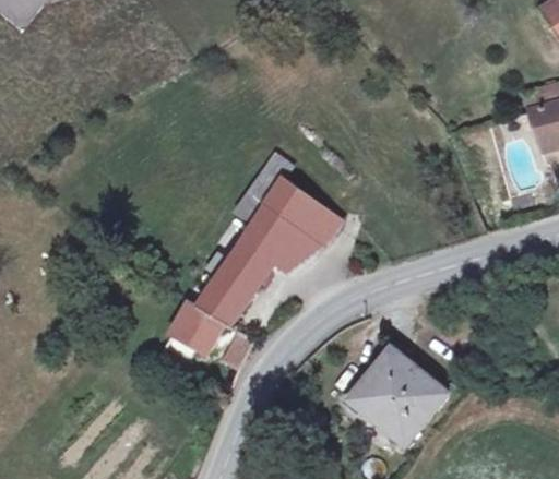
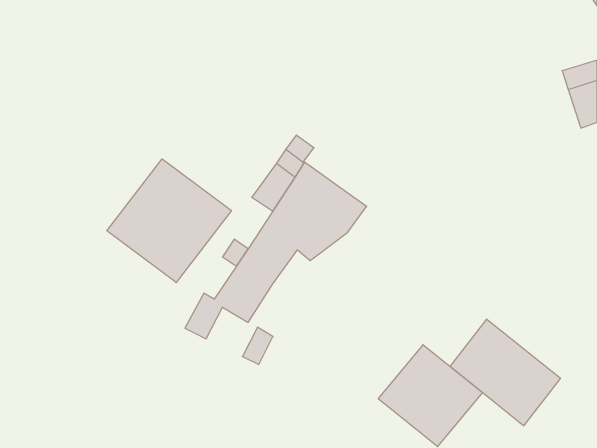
building: none -> [107,159,231,283]
building: none -> [450,319,560,426]

